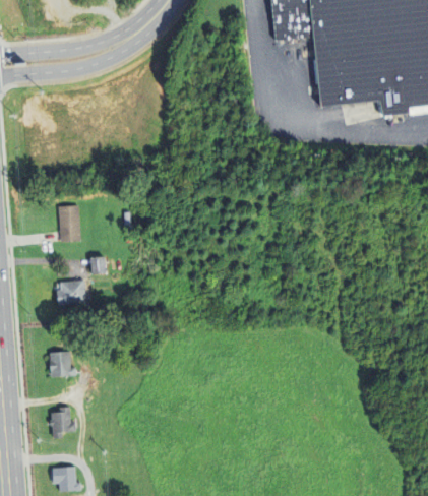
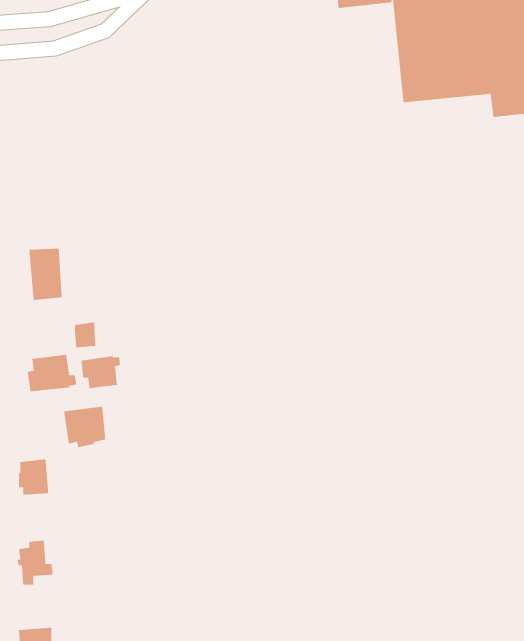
building: none -> [81,355,121,389]
building: none -> [63,406,106,448]

